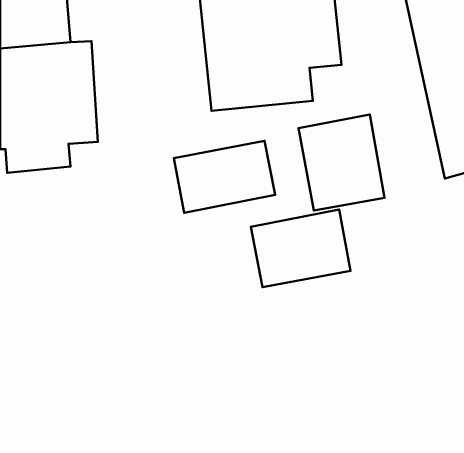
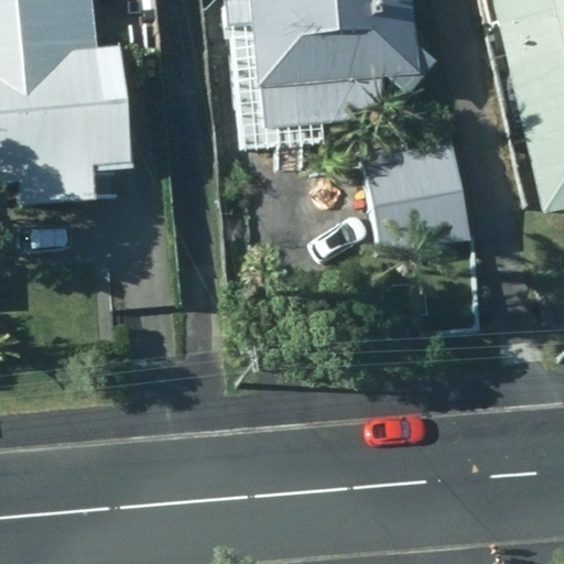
building: [174,141,275,213] -> none
building: [251,209,350,287] -> none

